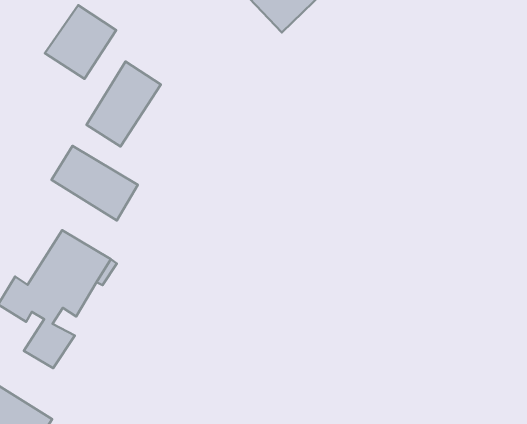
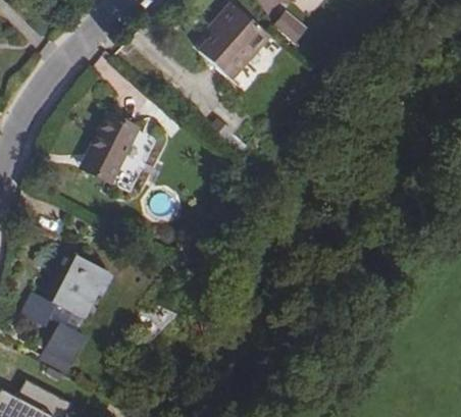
building: [45,5,116,79] -> none
building: [52,146,138,221] -> none

